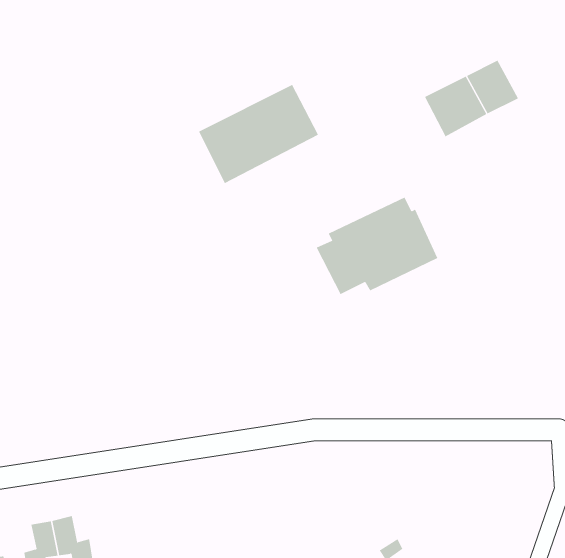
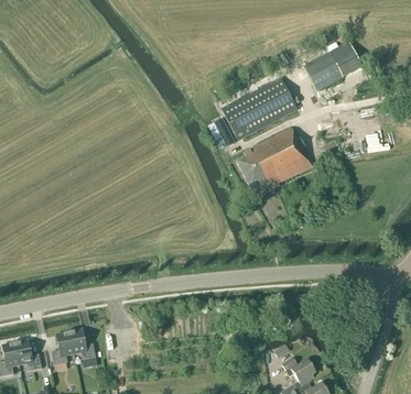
building: [198,84,319,184] -> [220,77,296,140]

